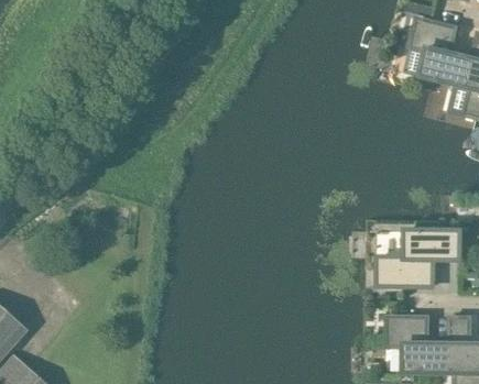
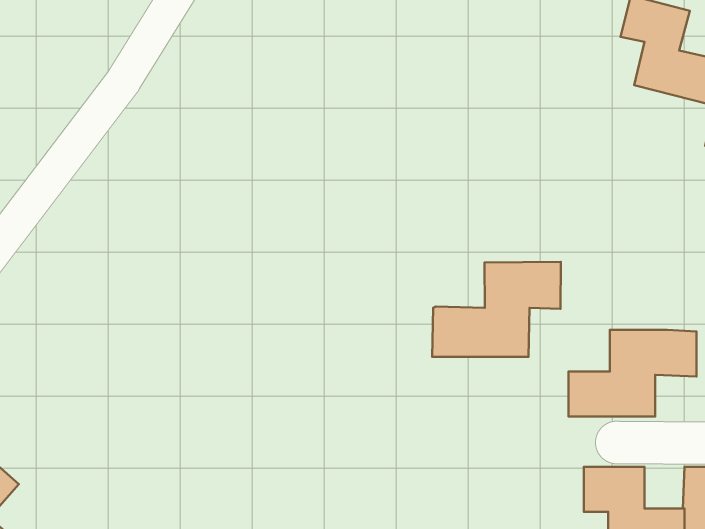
building: none -> [432,262,561,357]

